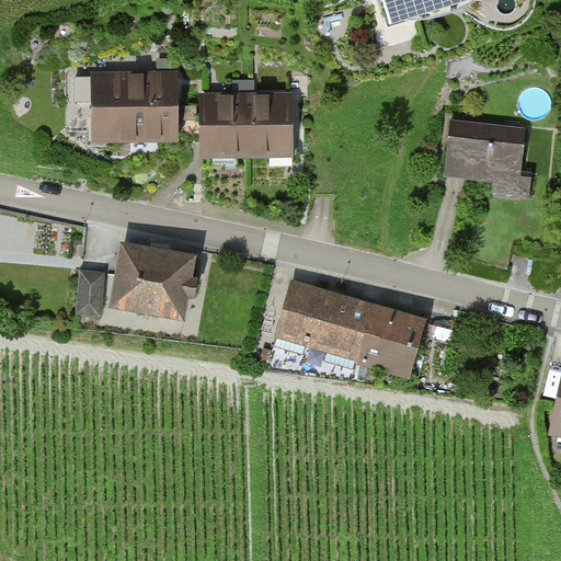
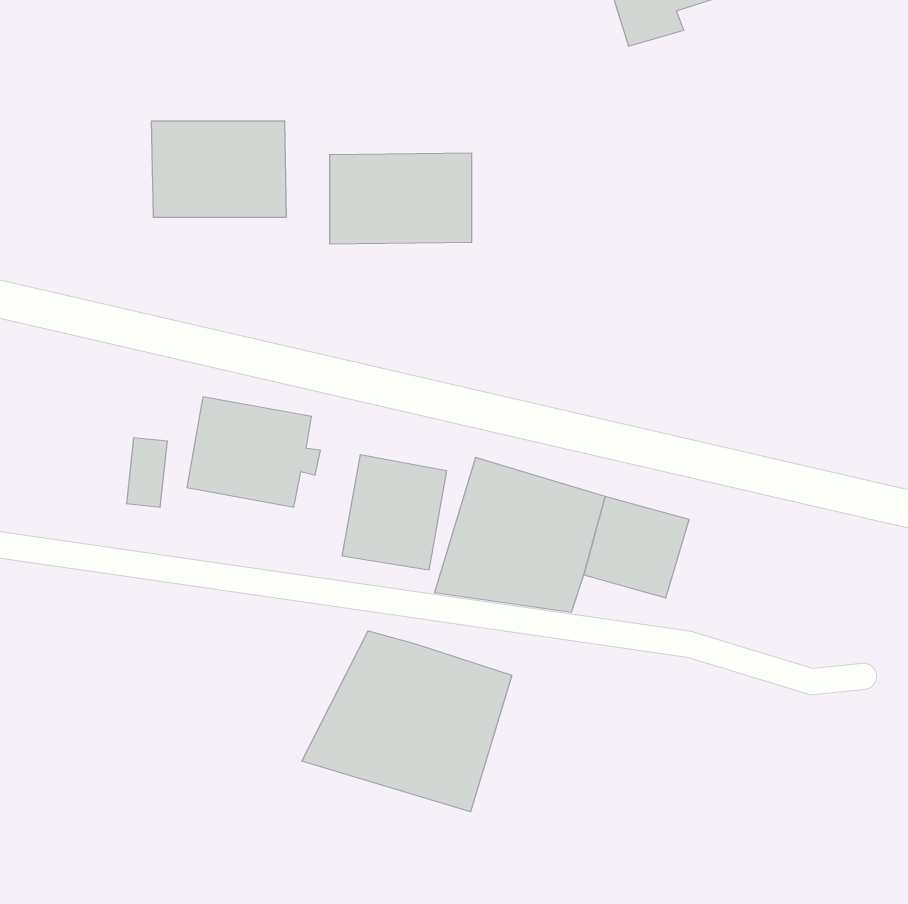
building: [445,118,531,192] -> none
building: none -> [342,455,446,570]
building: none -> [302,631,512,812]

